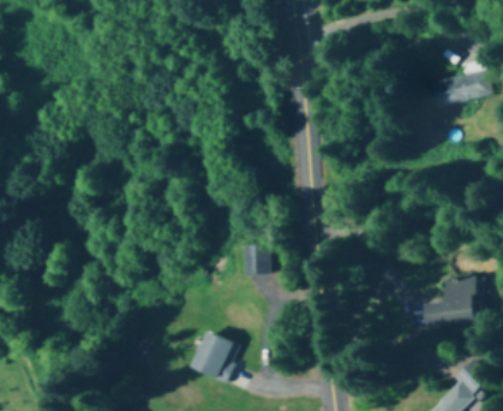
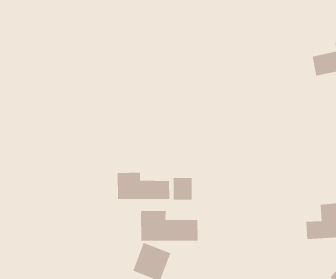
building: none -> [117,172,170,200]
building: none -> [141,210,198,241]

